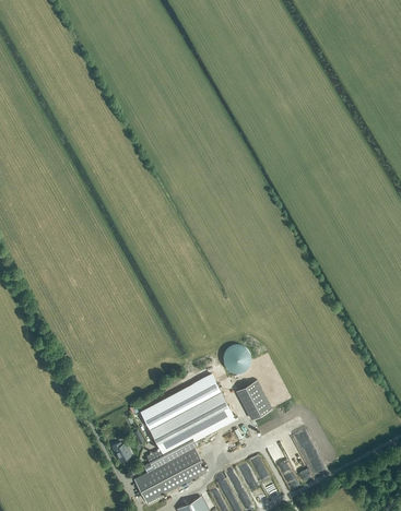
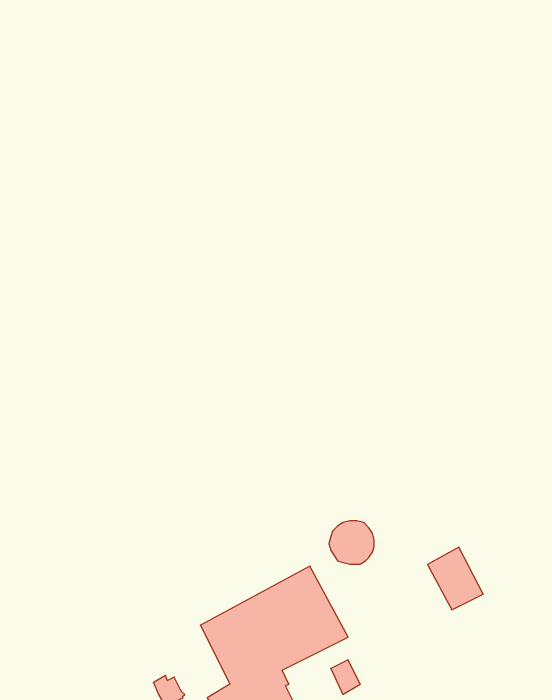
building: [236,380,271,419] -> [428,547,483,610]

